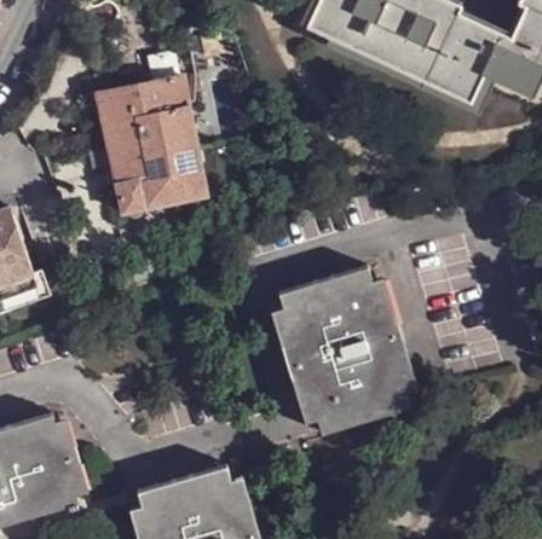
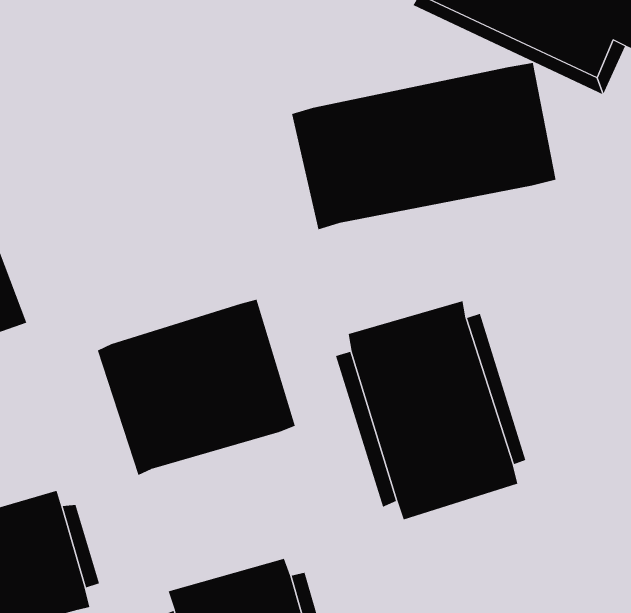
building: [98,76,208,214] -> none
building: none -> [292,62,556,230]
building: none -> [97,299,295,476]

